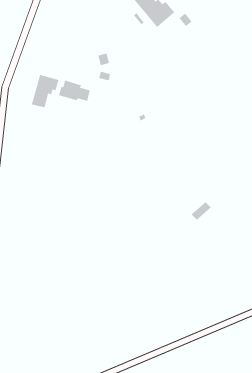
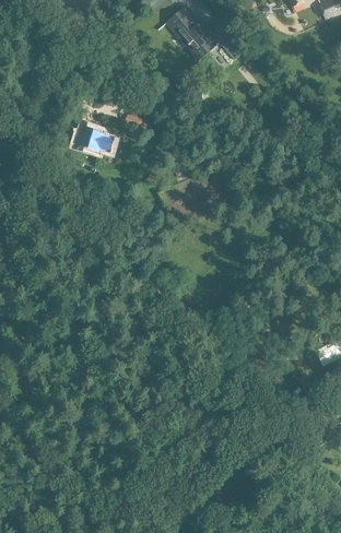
building: [31,74,59,108] -> none

